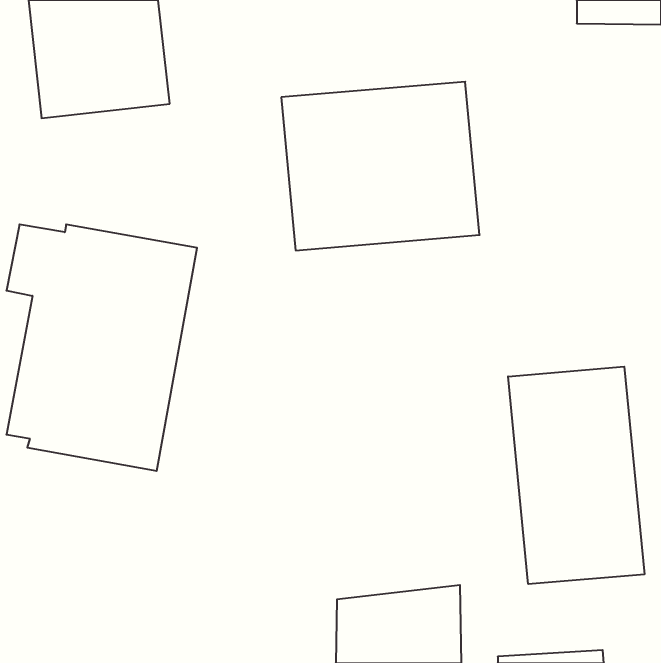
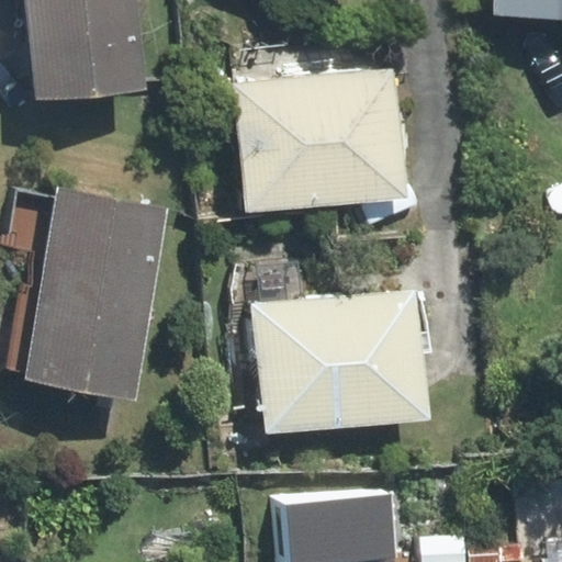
building: none -> [258,291,429,432]
building: [508,367,644,584] -> none

